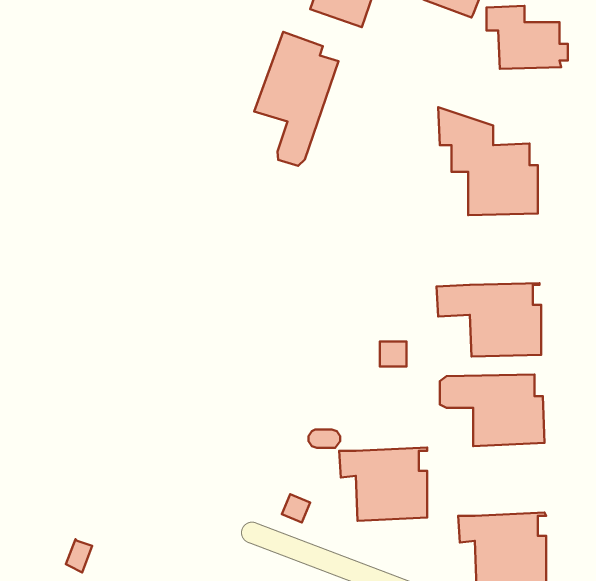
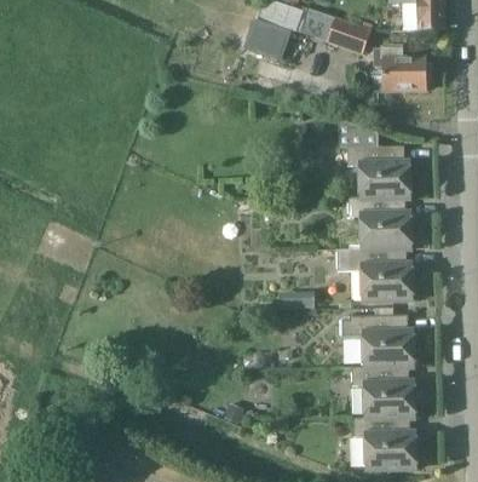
building: [254,32,339,166] -> none
building: none -> [347,197,411,249]
building: [339,448,427,521] -> [351,365,415,418]

